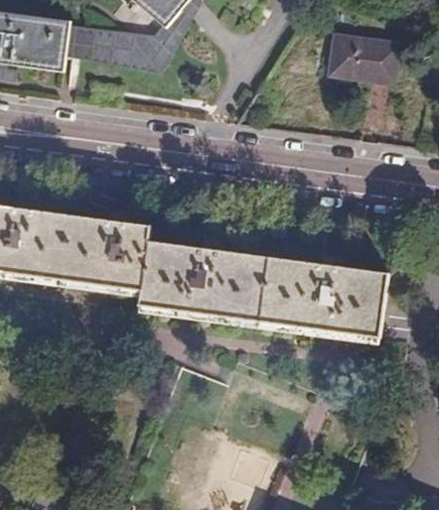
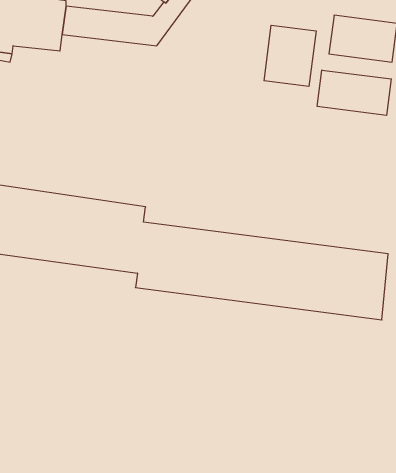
building: none -> [264,25,316,86]
building: none -> [317,70,391,115]

